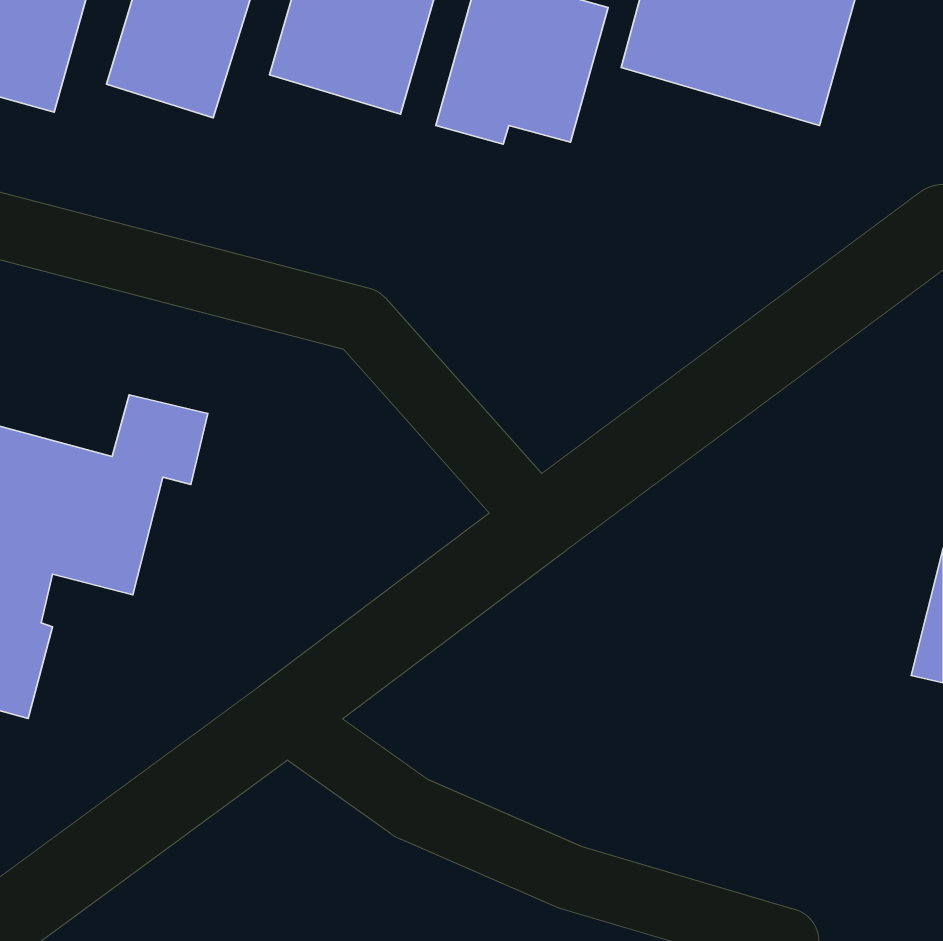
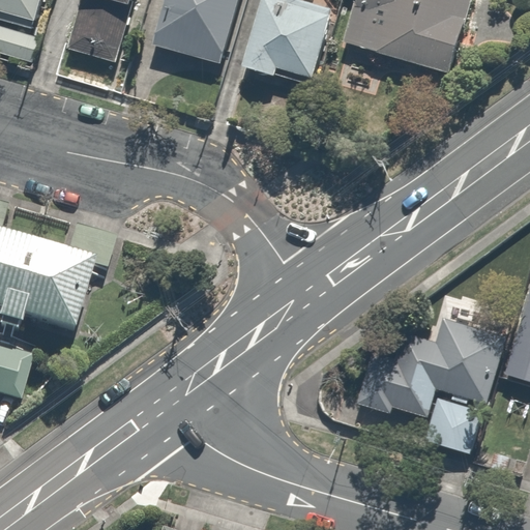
building: none -> [356,310,500,451]

